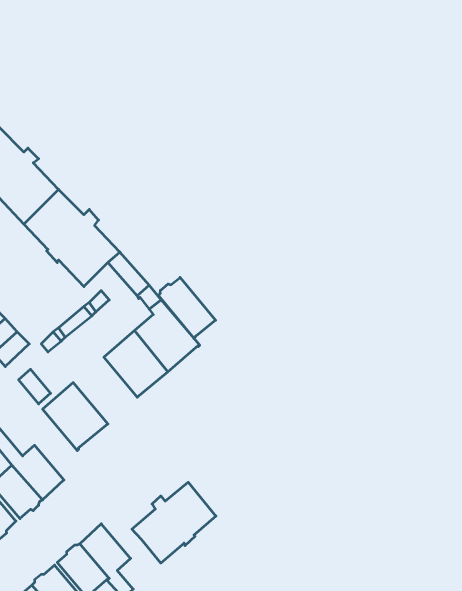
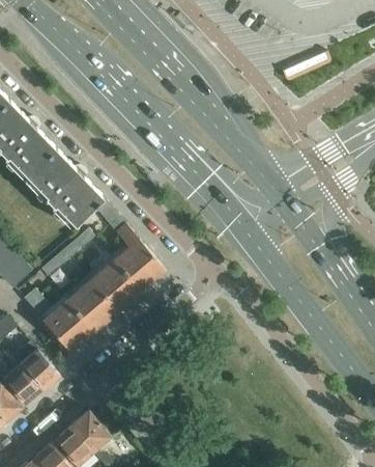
building: [159,277,216,339] -> none
building: none -> [66,280,116,332]
building: [132,482,216,563] -> none

